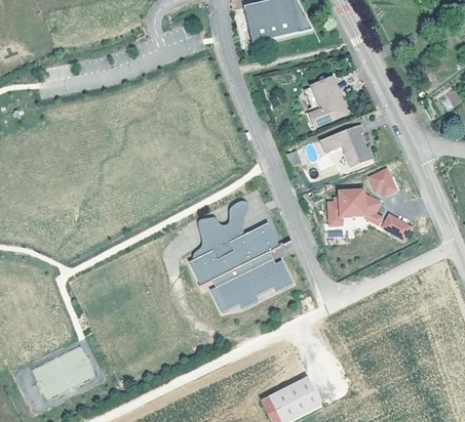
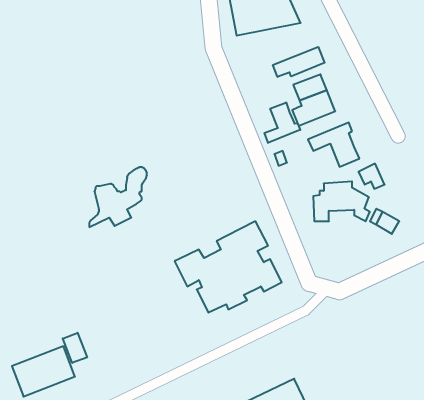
building: none -> [273,47,325,77]
building: none -> [264,102,300,143]
building: [194,201,250,259] -> [89,167,147,227]
building: none -> [63,333,87,363]

